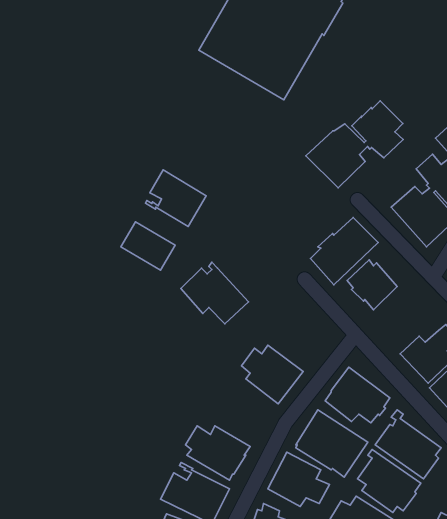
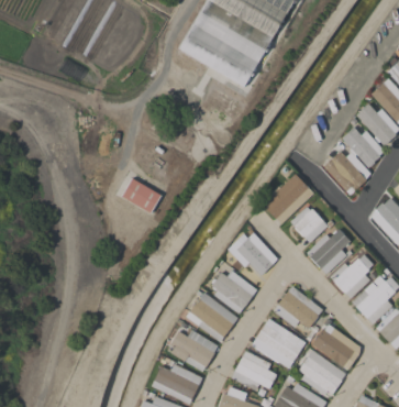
building: [306,101,403,188] -> none
building: [145,170,206,226] -> none
building: [181,262,248,324] -> [228,229,278,275]
building: none -> [307,229,351,274]
building: none -> [186,292,237,342]

